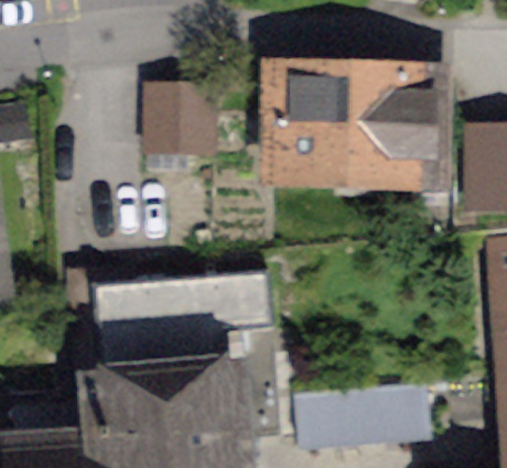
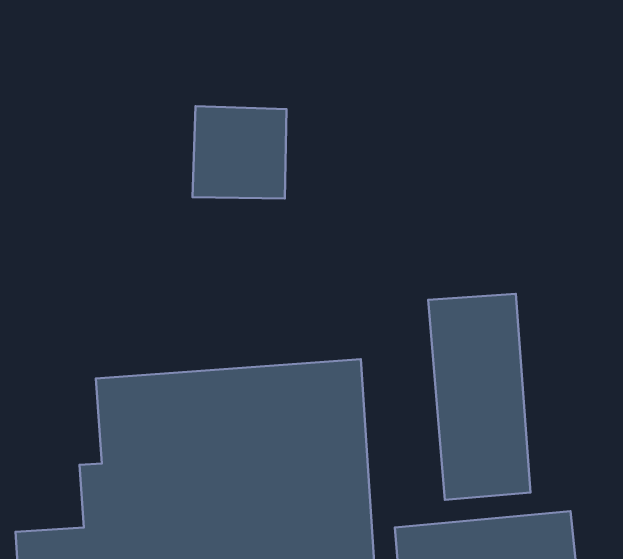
building: [287,79,438,184] -> none
building: none -> [428,294,531,500]

